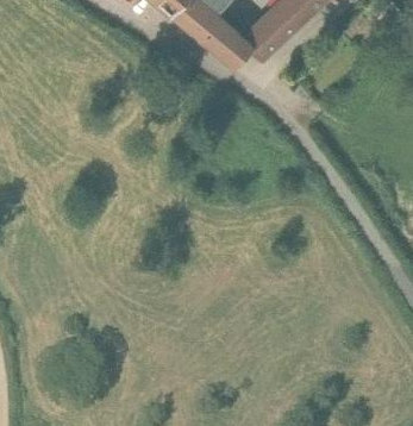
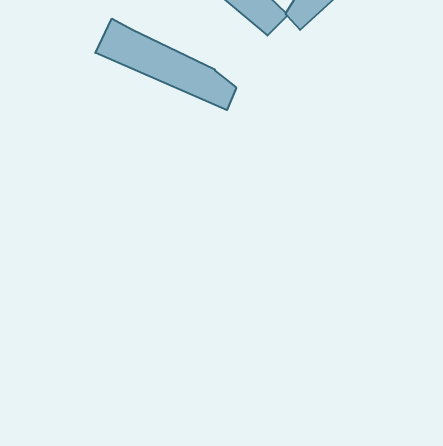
building: none -> [95,19,236,110]

